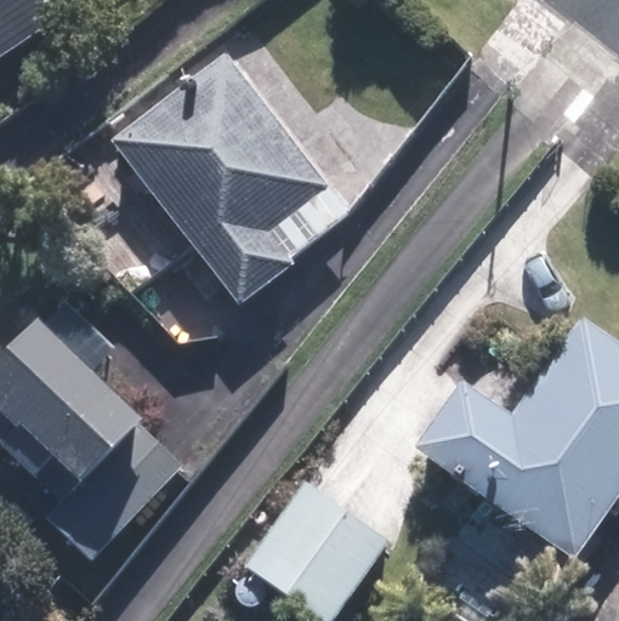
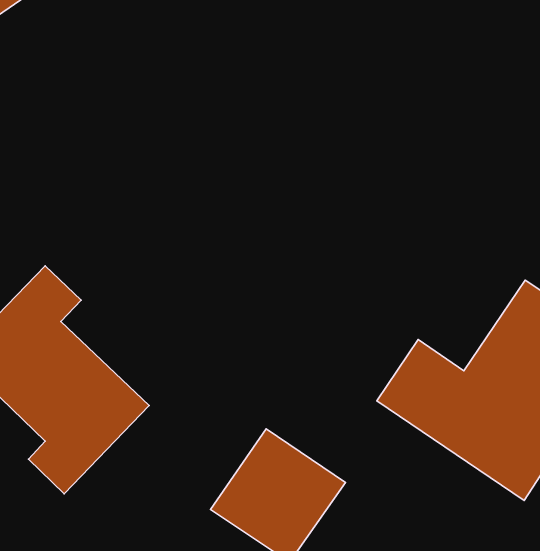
building: [115,55,331,304] -> none

